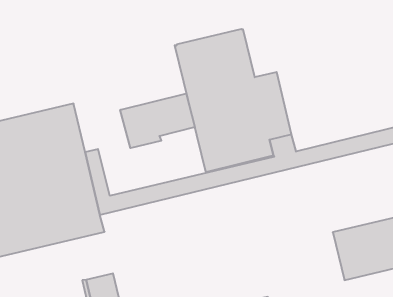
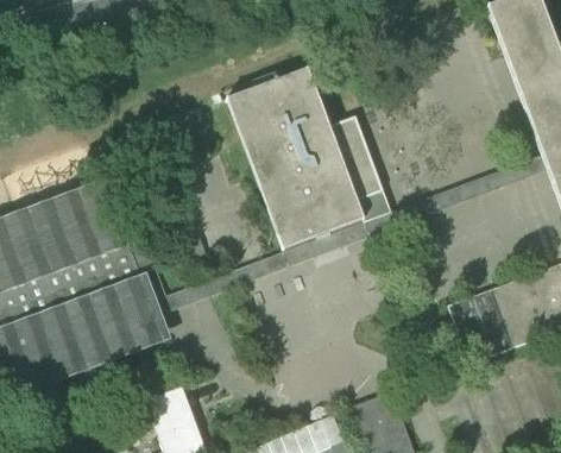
building: [120,94,195,148] -> none

